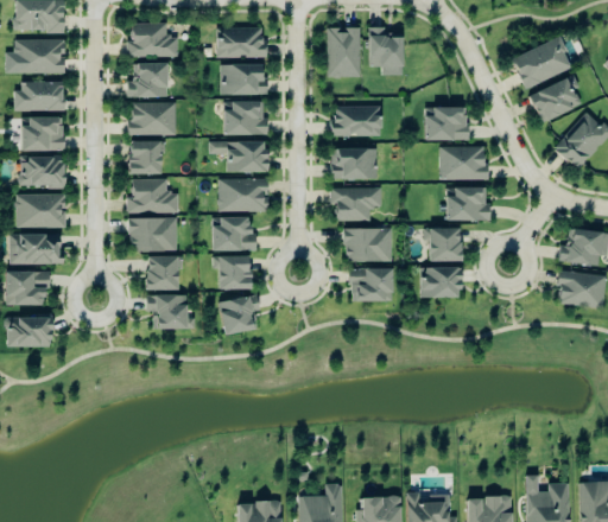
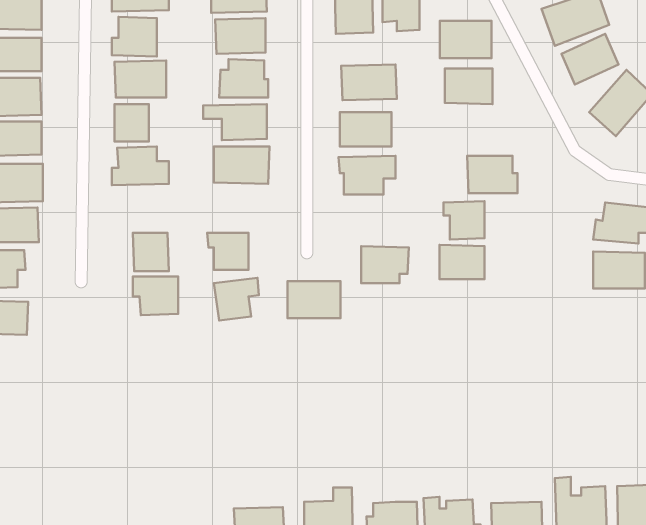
building: [439,147,486,180] -> [440,21,491,58]
building: [128,217,177,252] -> none
building: [211,217,256,252] -> none
building: [344,229,392,262] -> [287,281,340,318]

